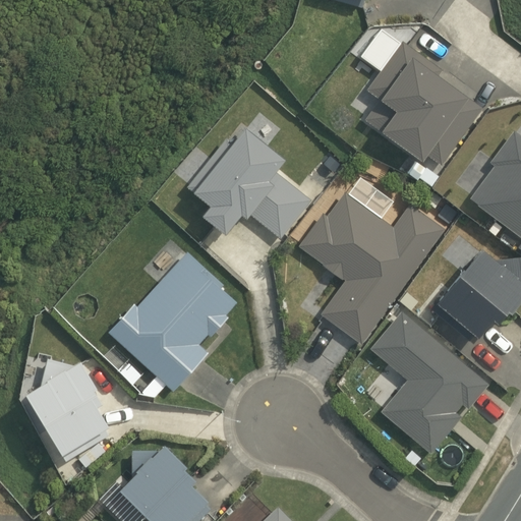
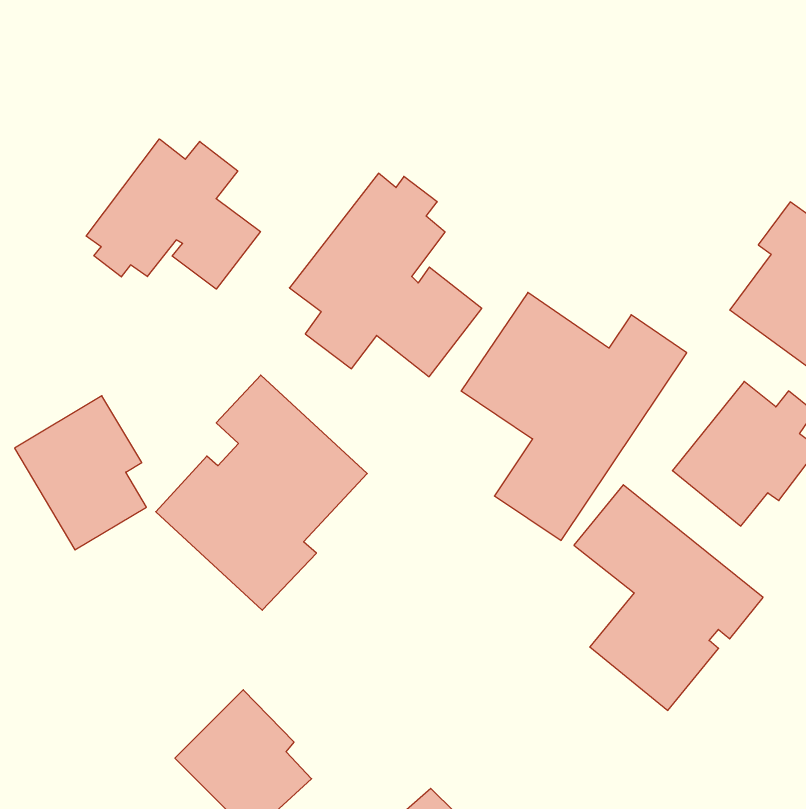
building: [357,23,484,169] -> none
building: none -> [86,139,260,289]
building: [21,357,106,456] -> [15,396,146,550]

